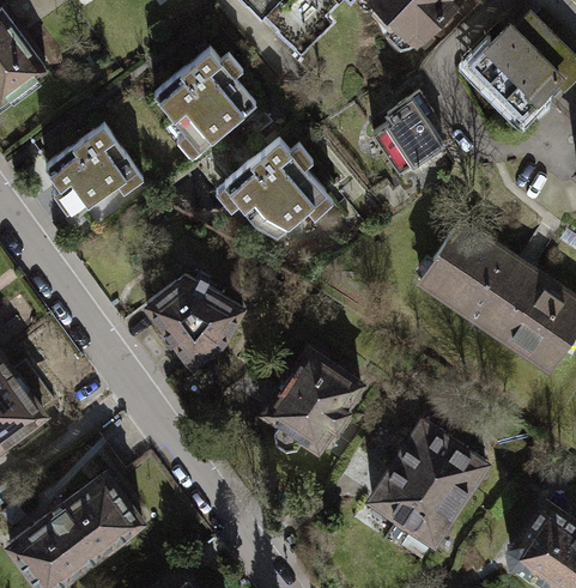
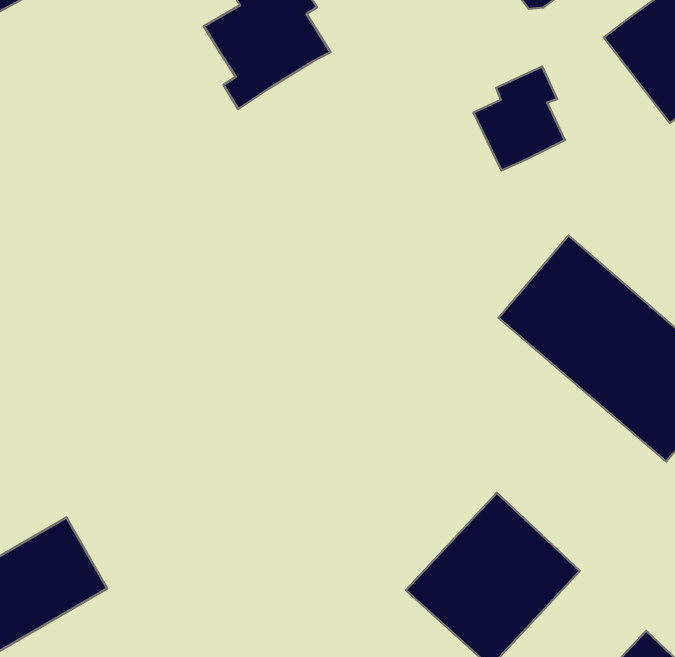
building: [47,121,147,219] -> none
building: [219,134,336,237] -> none
building: [146,274,242,368] -> none
building: [260,344,368,453] -> none

